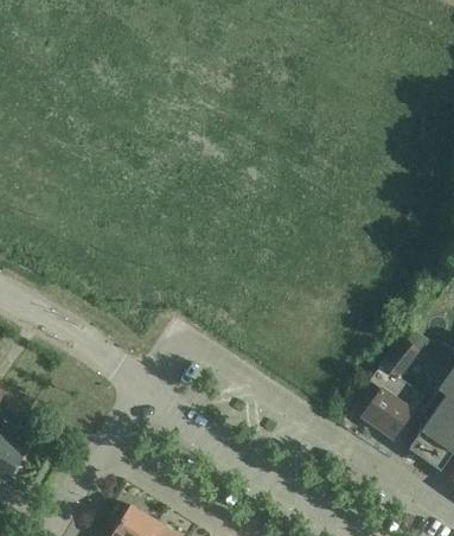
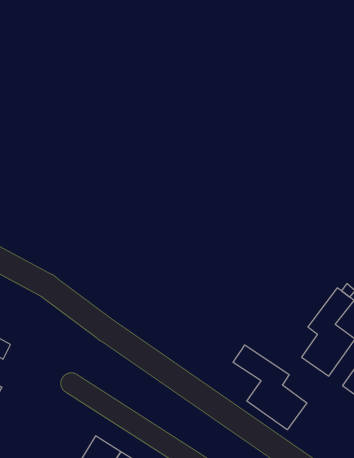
building: none -> [233,345,307,430]

